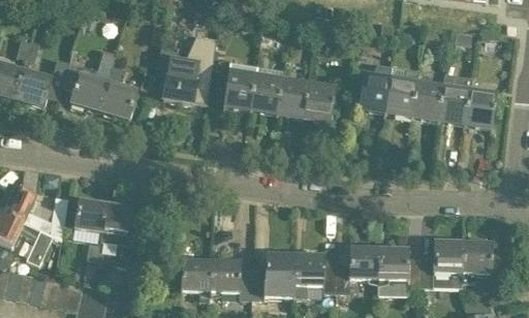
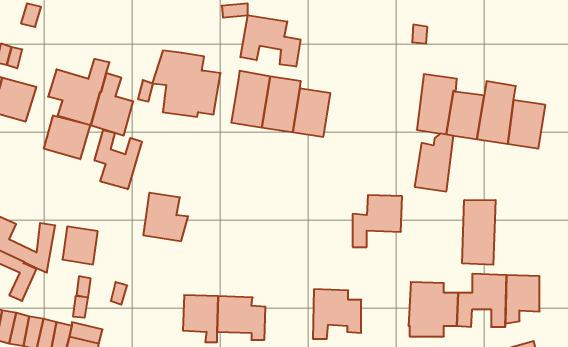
building: none -> [240,15,300,67]
building: [356,64,391,115] -> [415,134,454,191]
building: [303,83,336,125] -> none
building: none -> [44,115,90,159]
building: none -> [95,130,142,189]
building: none -> [462,200,496,265]
building: [100,203,139,246] -> [143,193,188,241]
building: [336,247,379,292] -> [353,195,402,247]
building: [251,253,294,298] -> none

